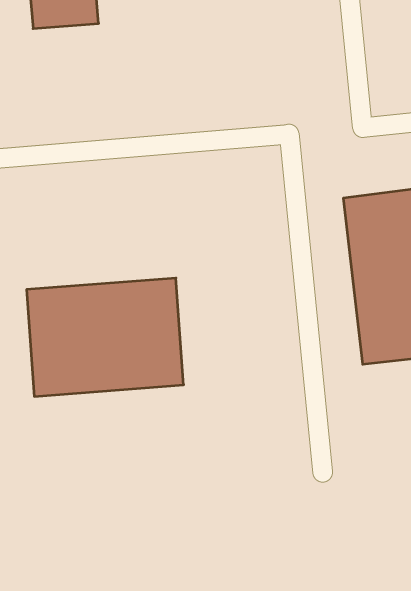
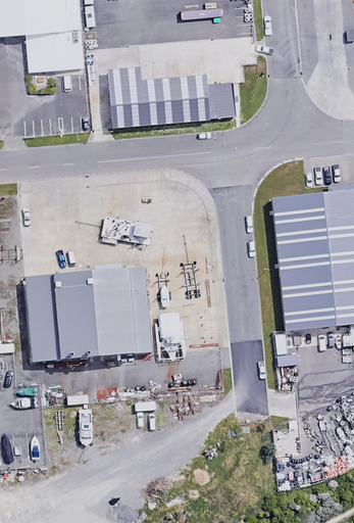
building: none -> [111,68,236,127]

